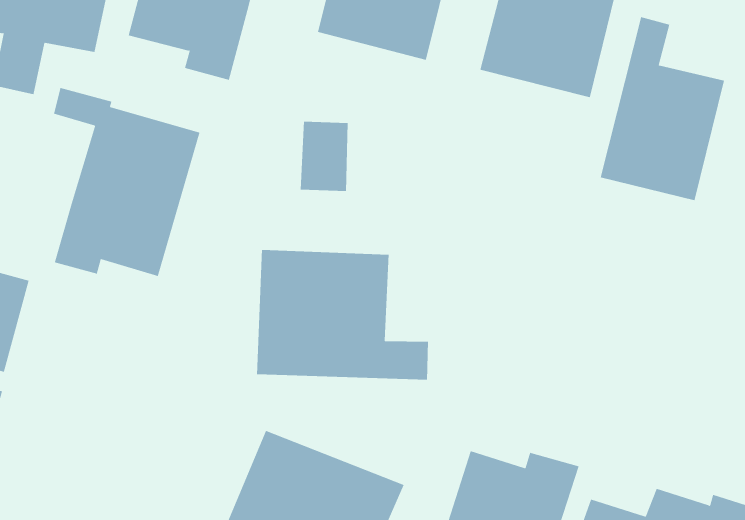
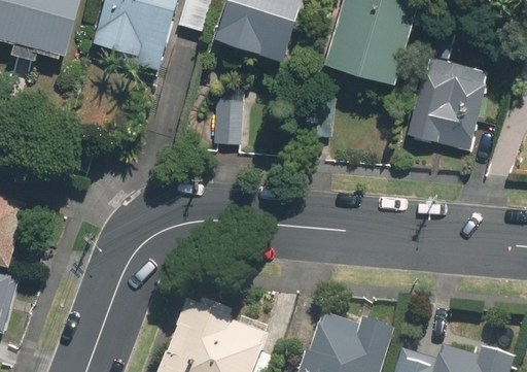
building: [53,87,200,277] -> none
building: [257,249,429,381] -> none

